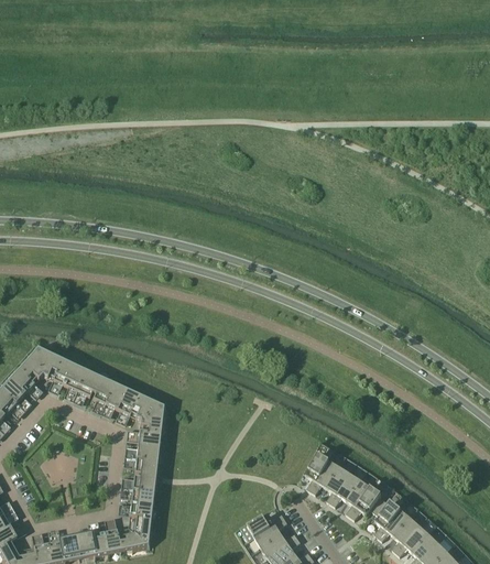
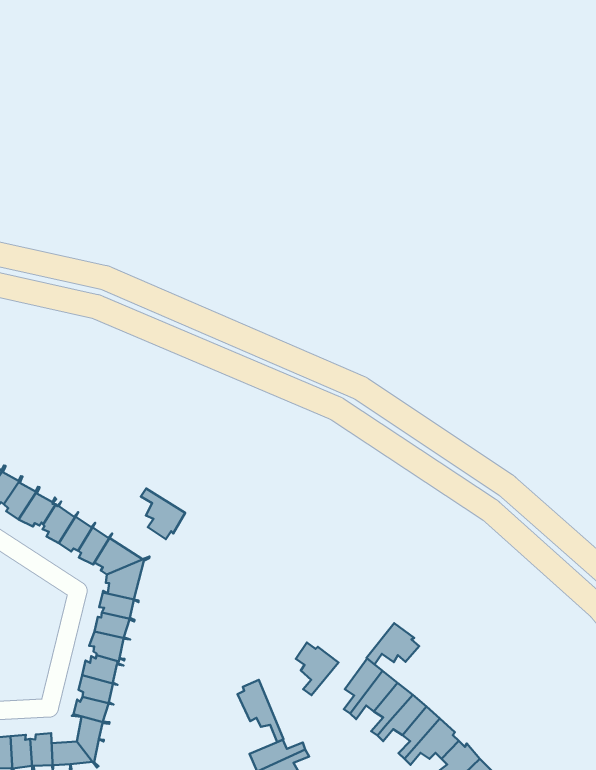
building: none -> [141,488,185,539]
building: none -> [367,623,419,664]
building: none -> [296,643,338,695]
building: none -> [238,680,284,742]

